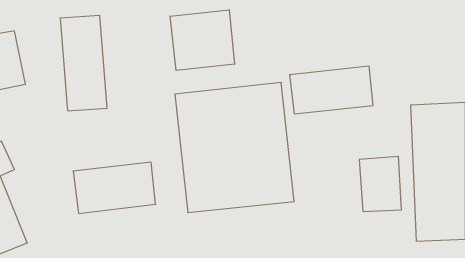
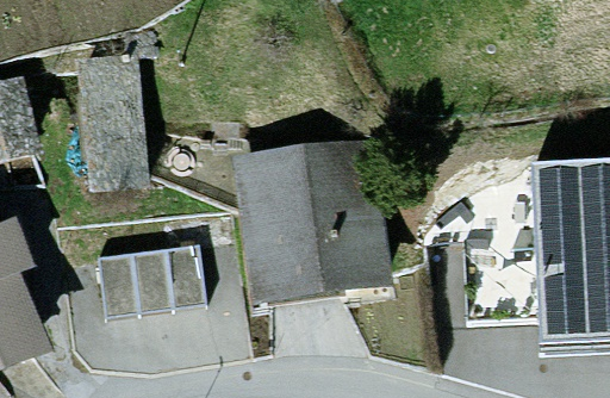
building: [170,10,235,70] -> none
building: [290,66,373,114] -> none

